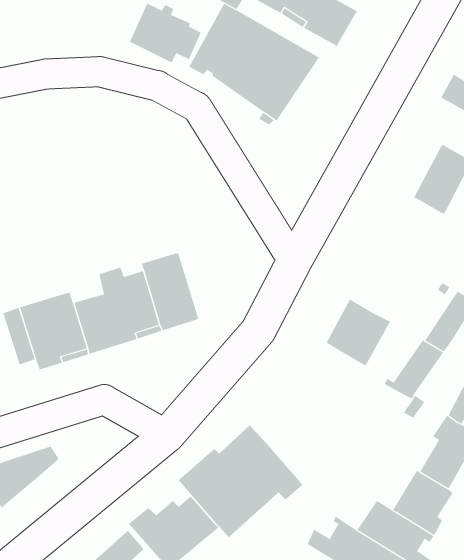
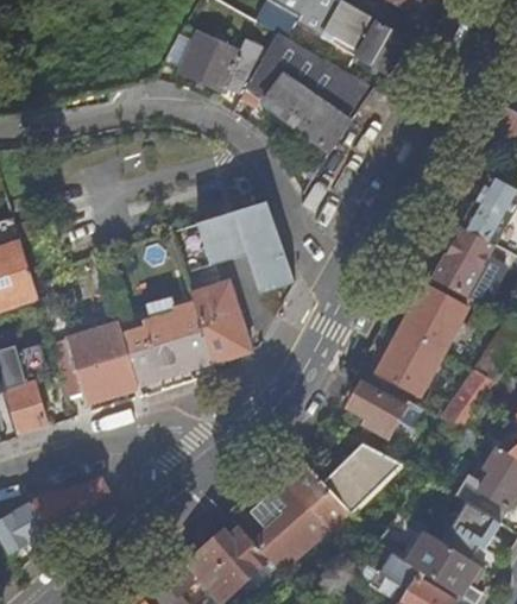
building: none -> [195,202,291,292]
building: none -> [434,227,494,297]
building: none -> [399,284,466,352]
building: none -> [348,383,434,443]
building: none -> [323,443,402,512]

